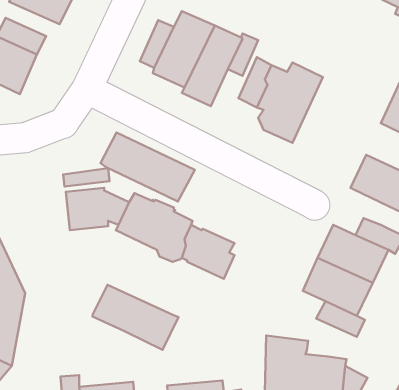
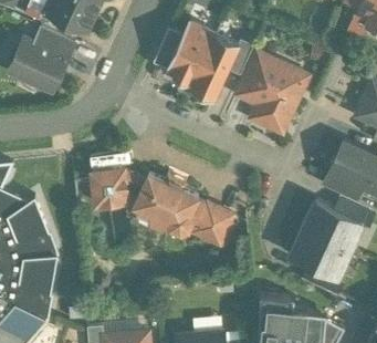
building: [101,132,195,201] -> none
building: none -> [325,172,363,201]
building: [93,285,178,350] -> none

